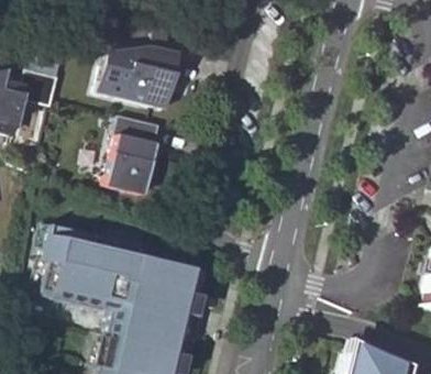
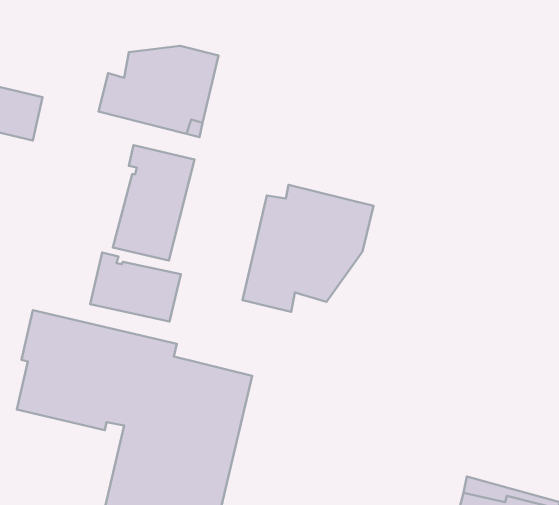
building: none -> [243,185,373,312]
building: none -> [90,253,181,321]

